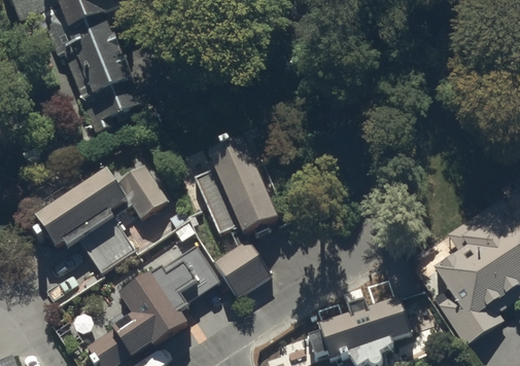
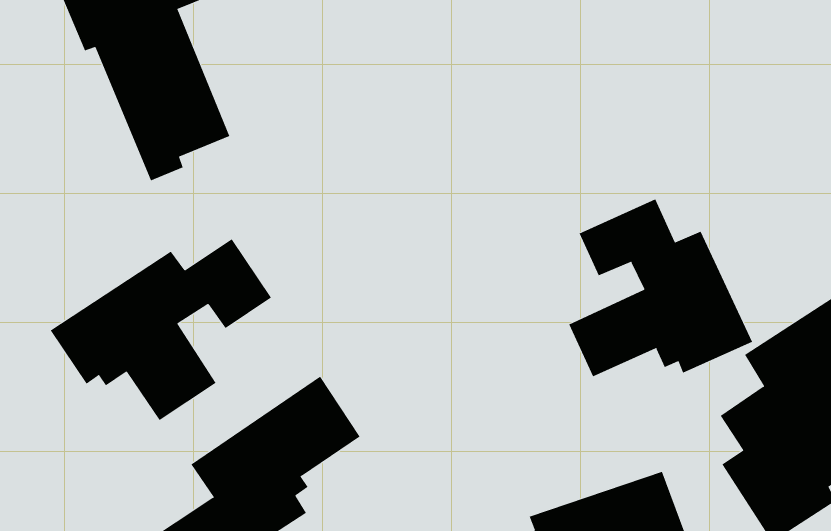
building: none -> [569,199,753,377]
building: [194,140,279,296] -> none

